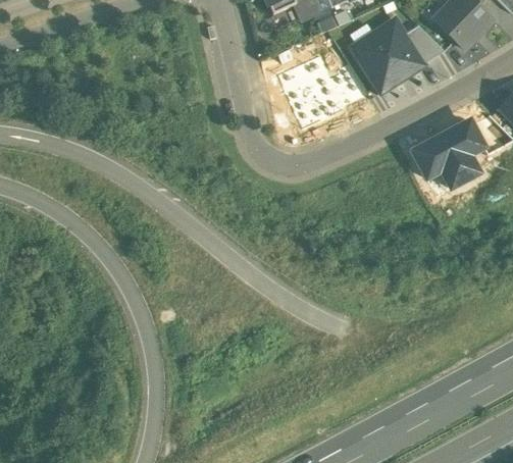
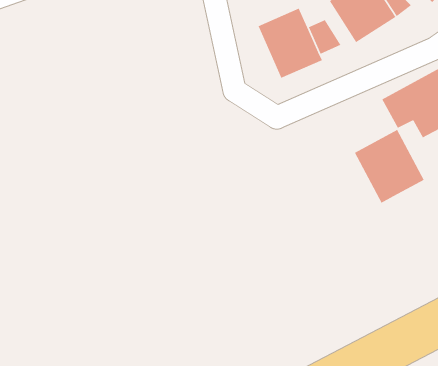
building: none -> [354,129,425,204]

